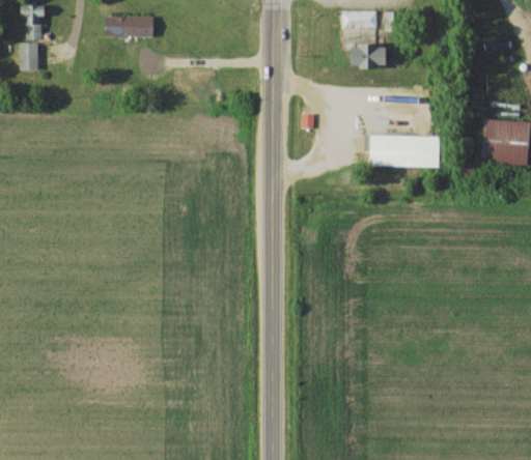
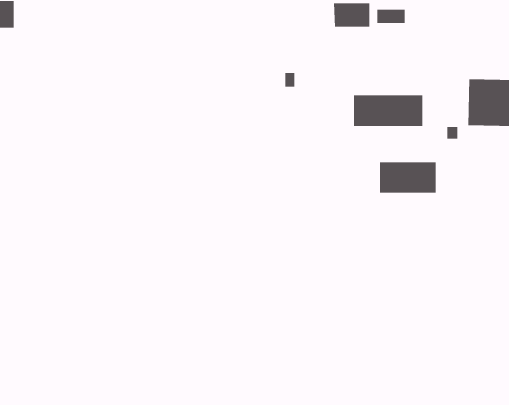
building: none -> [377,9,405,24]
building: none -> [380,161,436,194]

